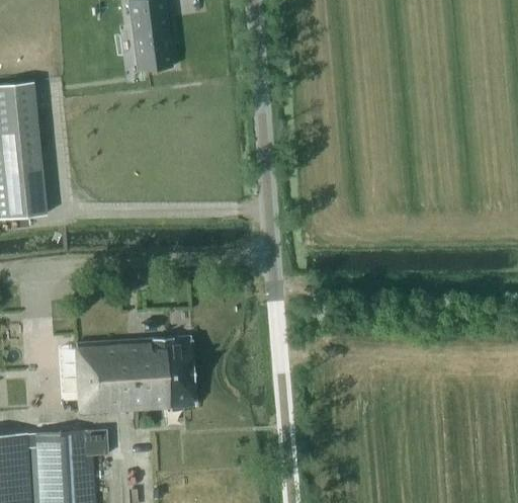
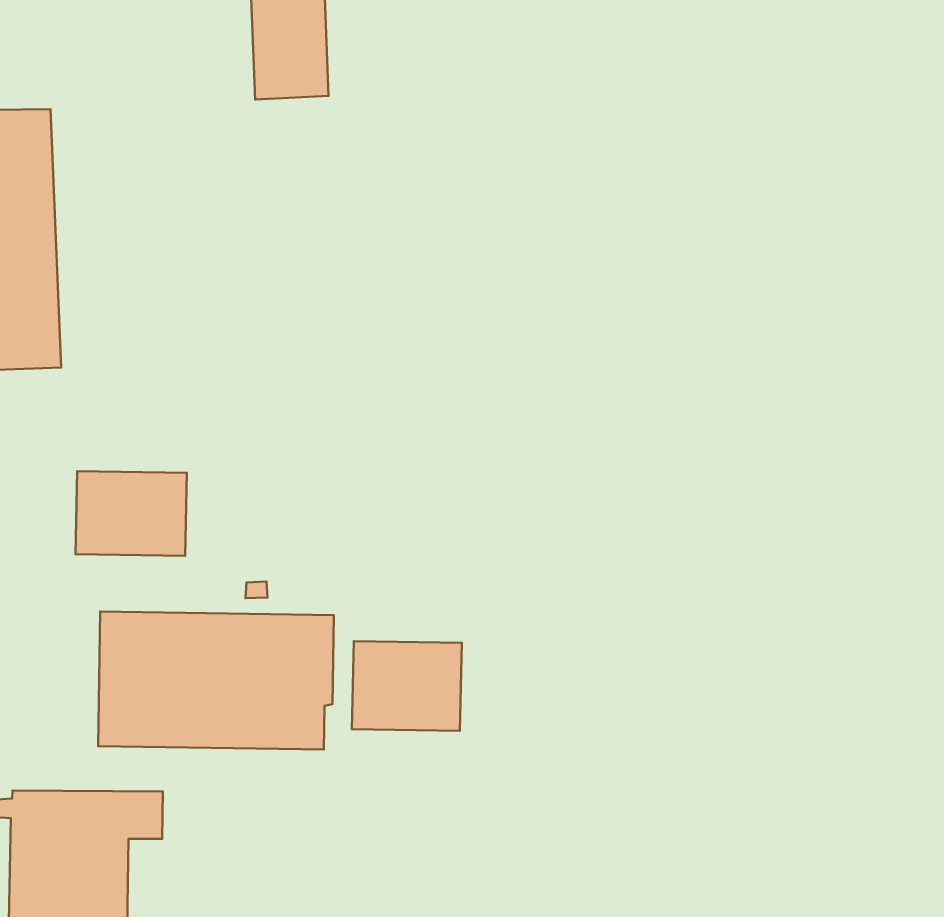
building: none -> [75,471,187,556]
building: none -> [352,641,462,731]

